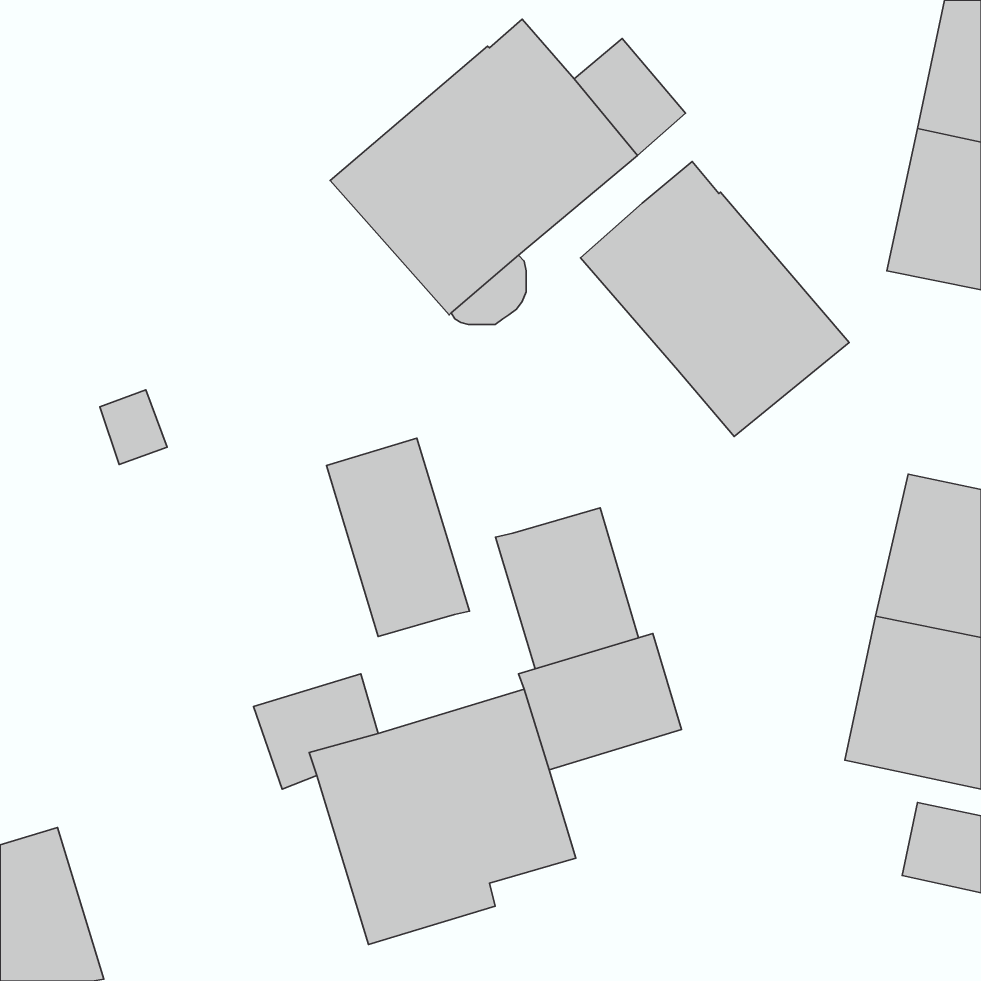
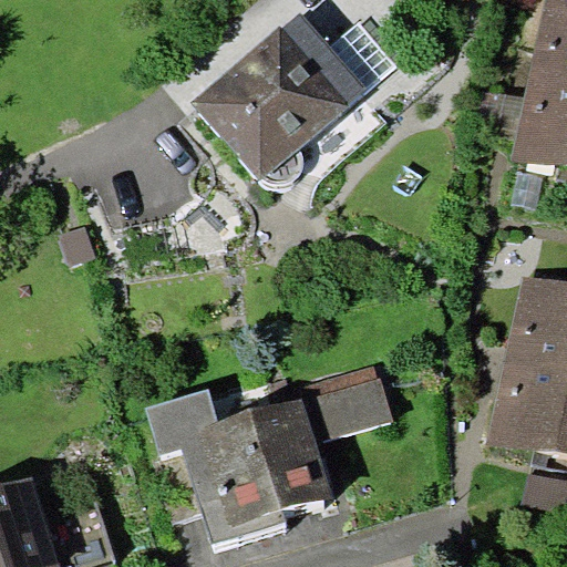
building: [581,161,849,437] -> none
building: [327,438,470,637] -> none
building: [496,508,639,669] -> none

